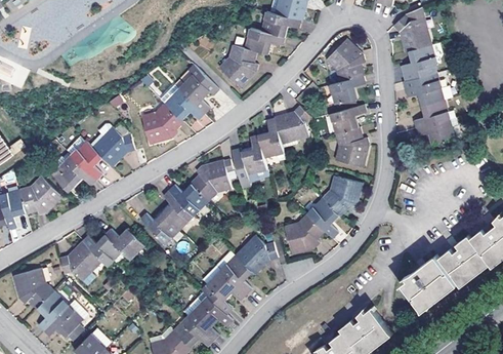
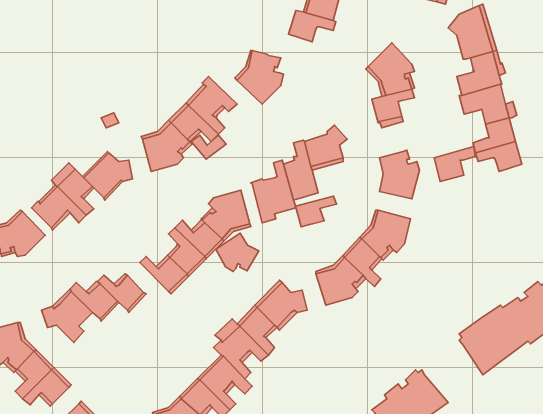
building: [245,29,284,54] -> none
building: [331,105,365,133] -> [434,147,475,181]
building: none -> [296,196,336,227]
building: none -> [216,233,259,272]

